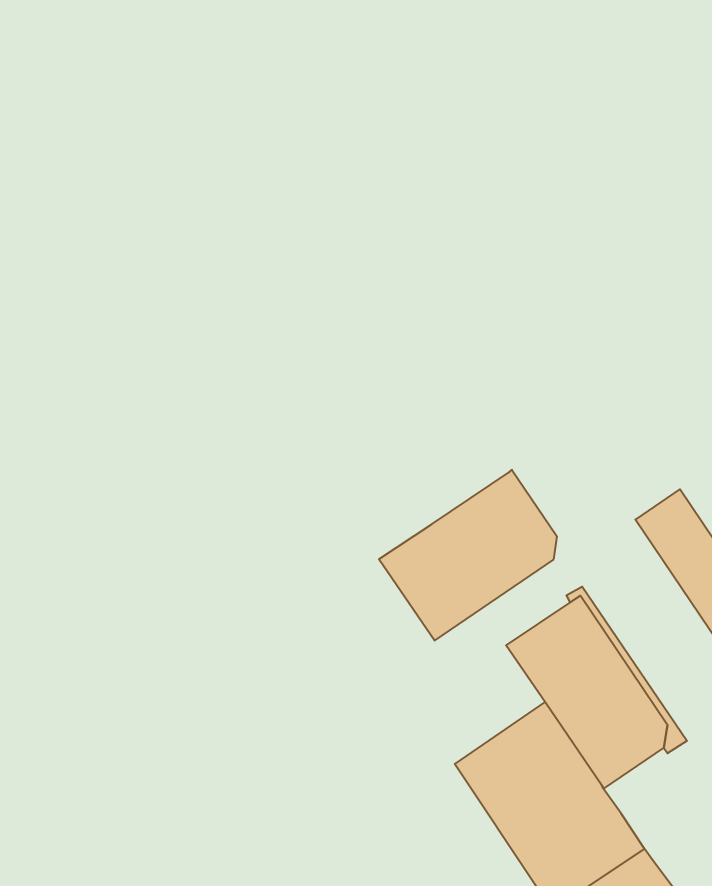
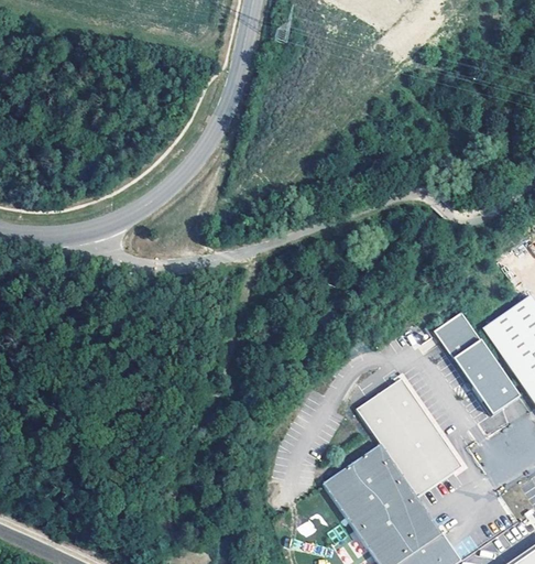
building: [379,470,557,641] -> none

